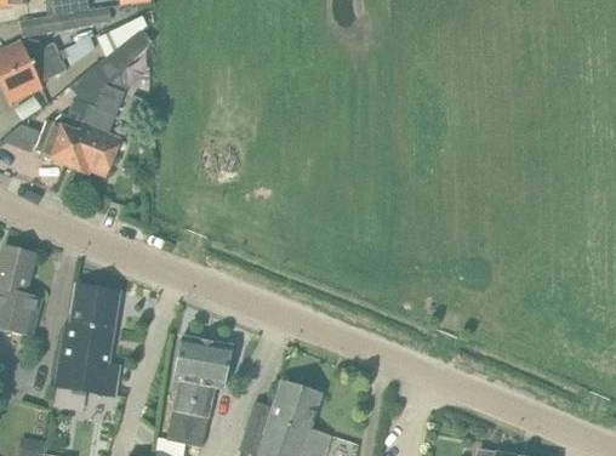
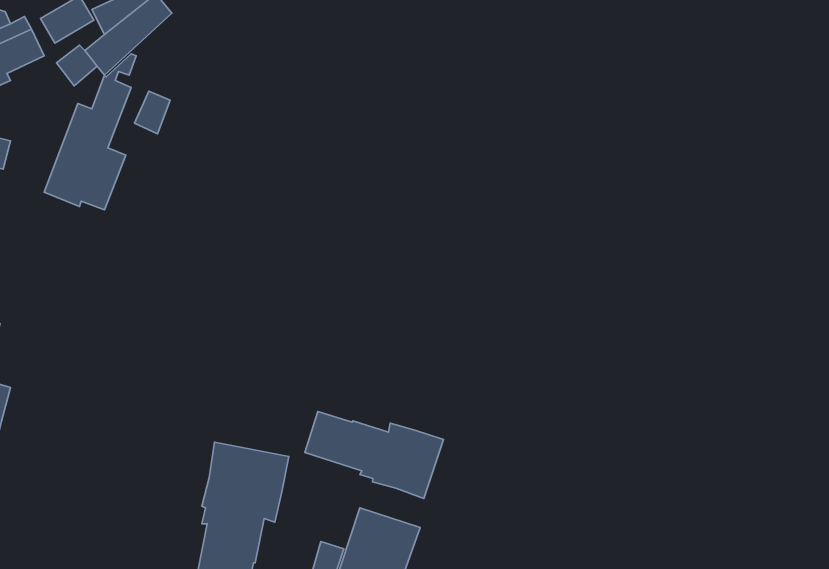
building: [40,98,87,165] -> none
building: [56,285,118,391] -> none
building: none -> [305,411,443,498]

